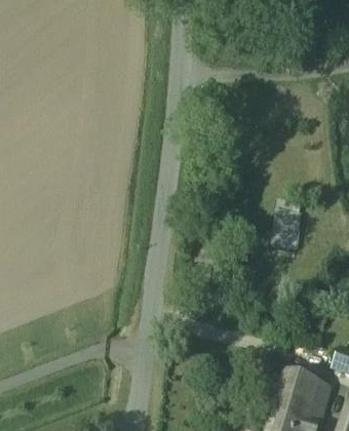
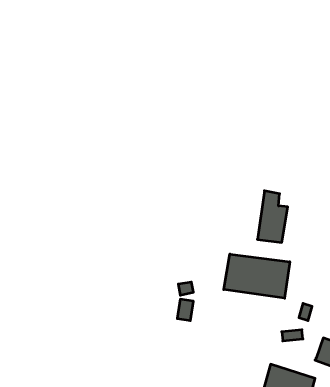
building: none -> [224,254,290,298]

